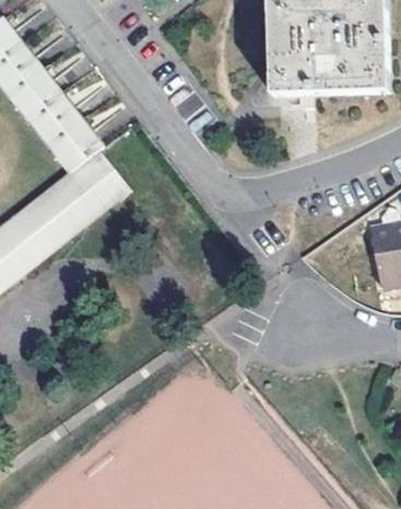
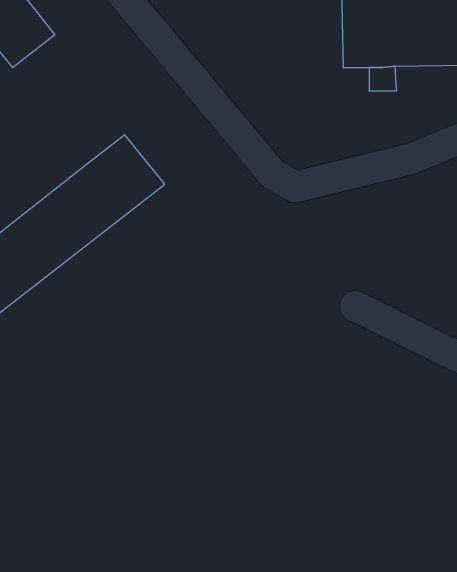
building: [11,66,105,169] -> none

